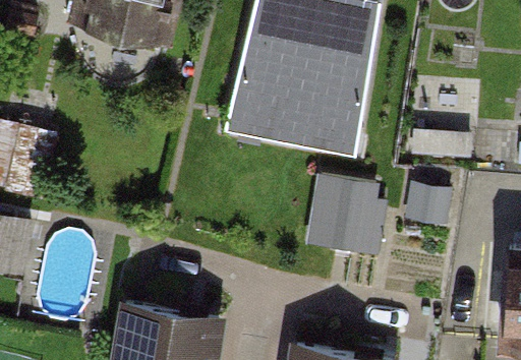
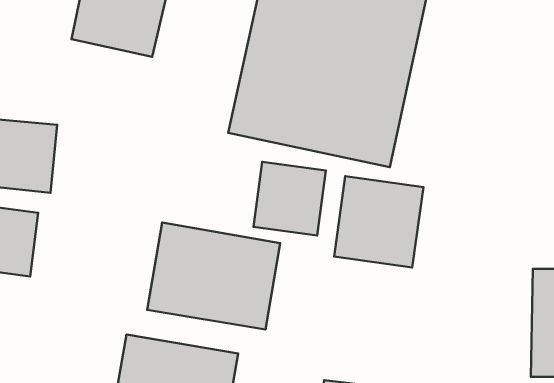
building: none -> [253,162,326,236]
building: none -> [147,222,280,330]

